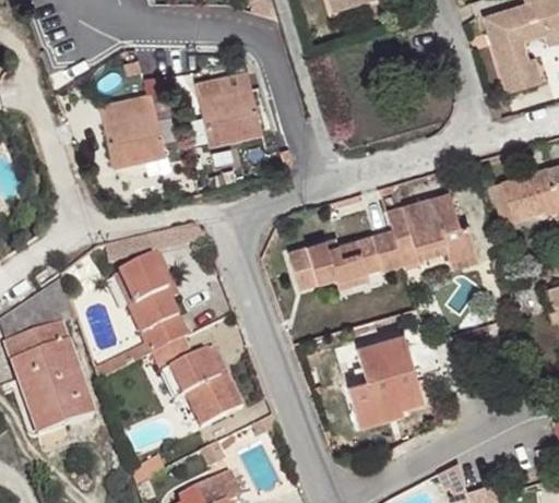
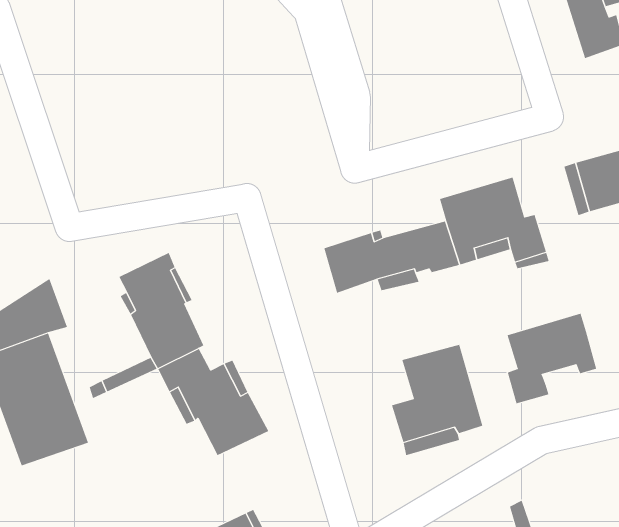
building: [197,74,263,146] -> none
building: [100,95,167,165] -> none
building: none -> [507,313,597,404]

